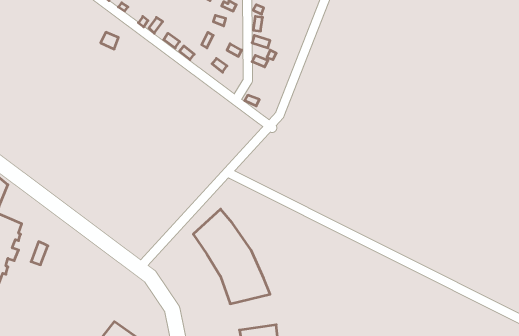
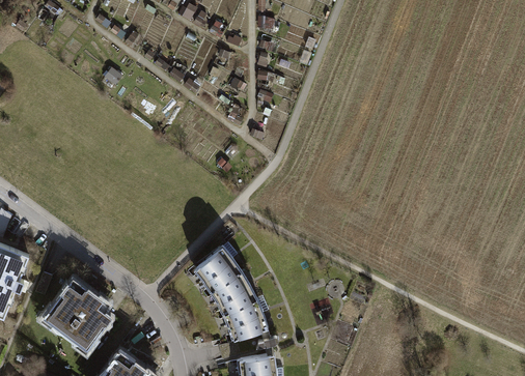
building: none -> [42,278,116,354]

